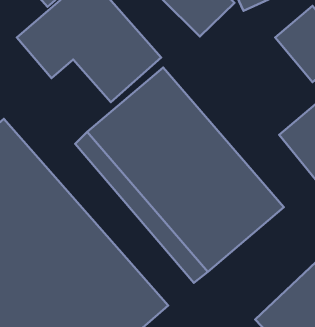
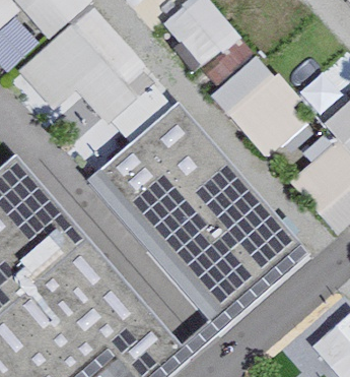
building: none -> [218,61,319,159]

